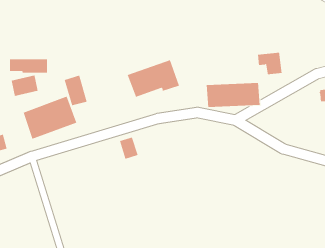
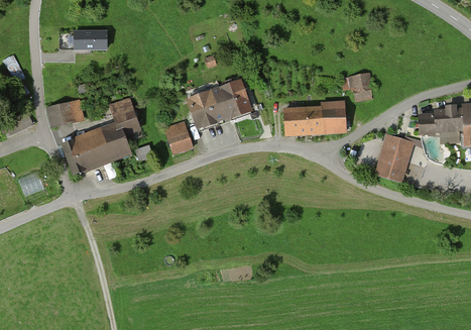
building: [9,59,48,73] -> [60,30,106,47]
building: none -> [377,140,409,180]
building: [119,137,138,159] -> [166,122,190,149]

